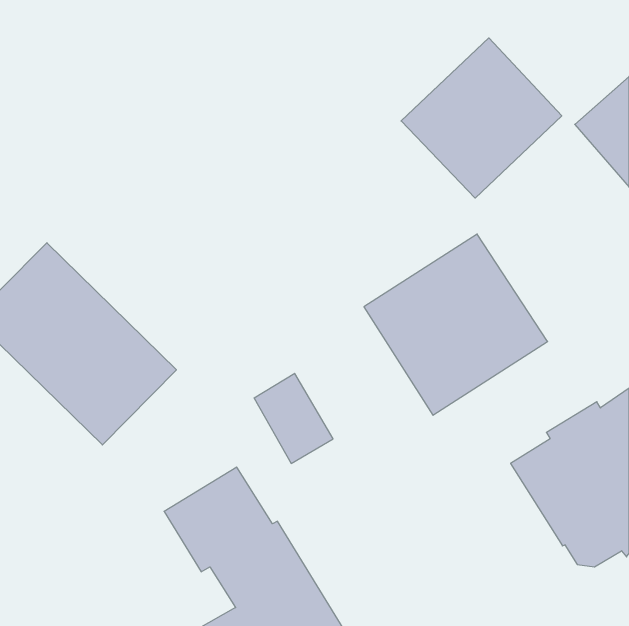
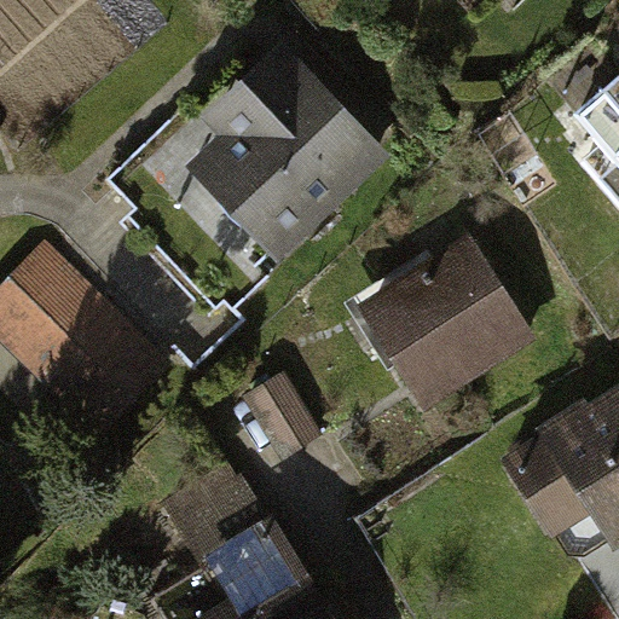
building: [401,38,562,198] -> none
building: none -> [184,42,389,264]

